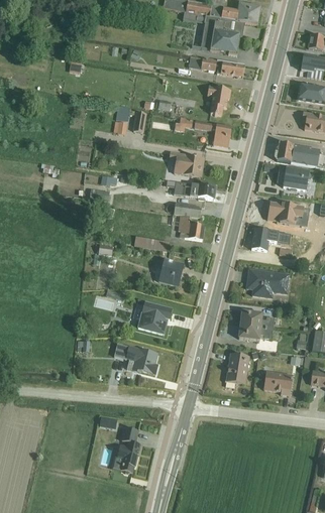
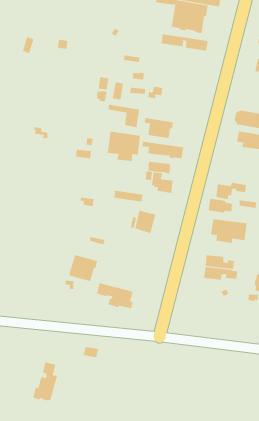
building: [207,86,230,115] -> none
building: [194,120,231,147] -> [108,104,140,128]
building: none -> [107,131,141,162]
building: [267,203,297,220] -> [208,198,233,213]
building: [137,302,172,334] -> [68,255,98,282]
building: [226,353,249,384] -> none
building: [263,371,293,395] -> none
building: [111,427,140,473] -> [33,362,58,401]

